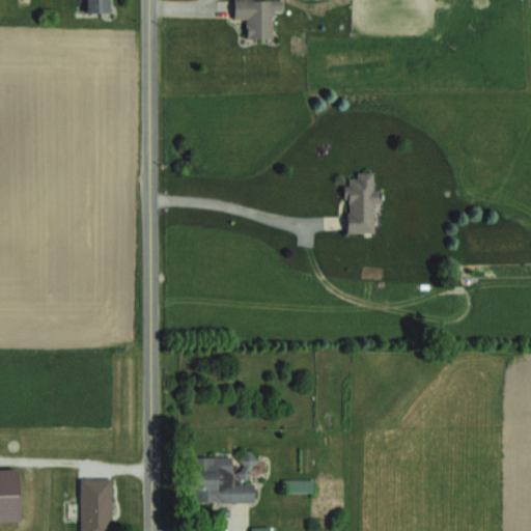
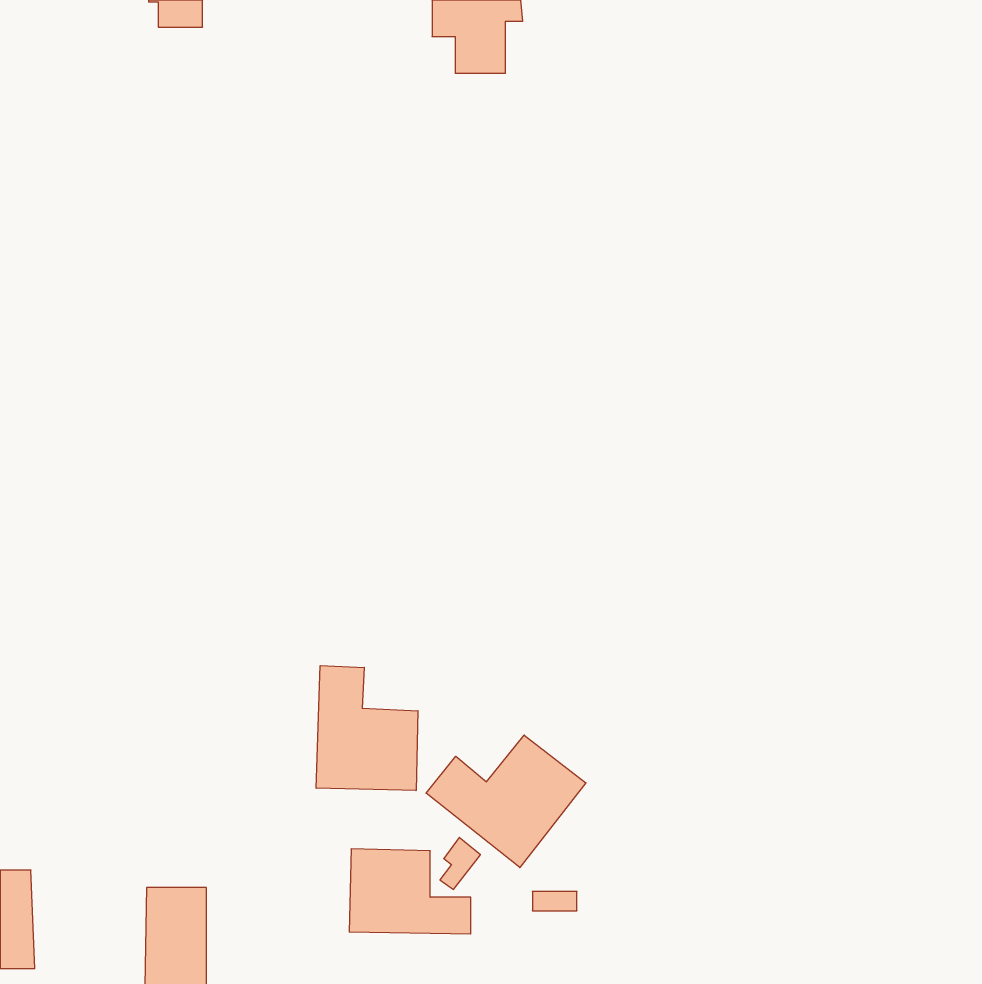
building: [346,174,378,233] -> none
building: none -> [316,666,418,791]
building: none -> [426,735,586,868]

